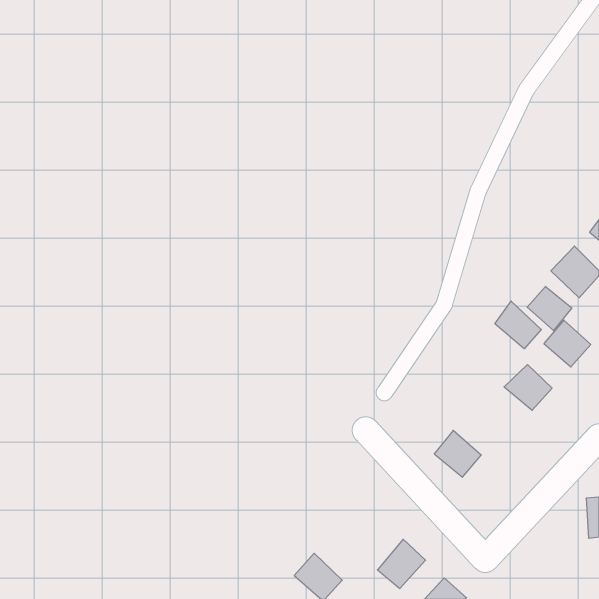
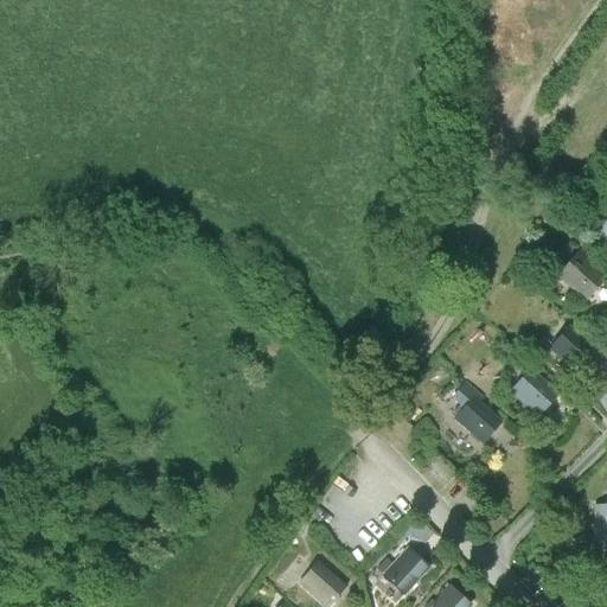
building: [527,286,572,331] -> none
building: [495,301,541,349] -> none
building: [434,430,481,477] -> [454,395,501,442]

